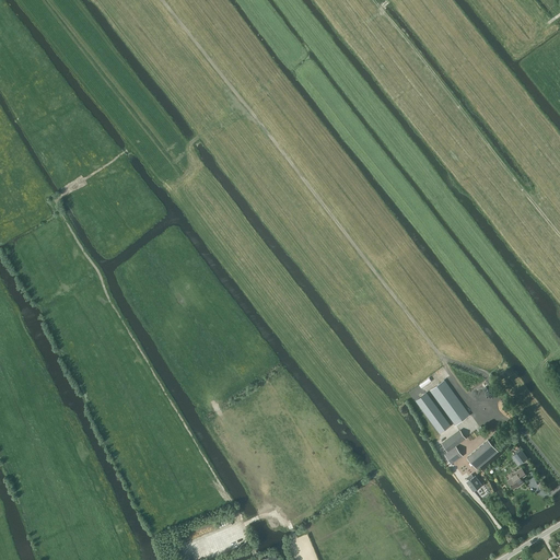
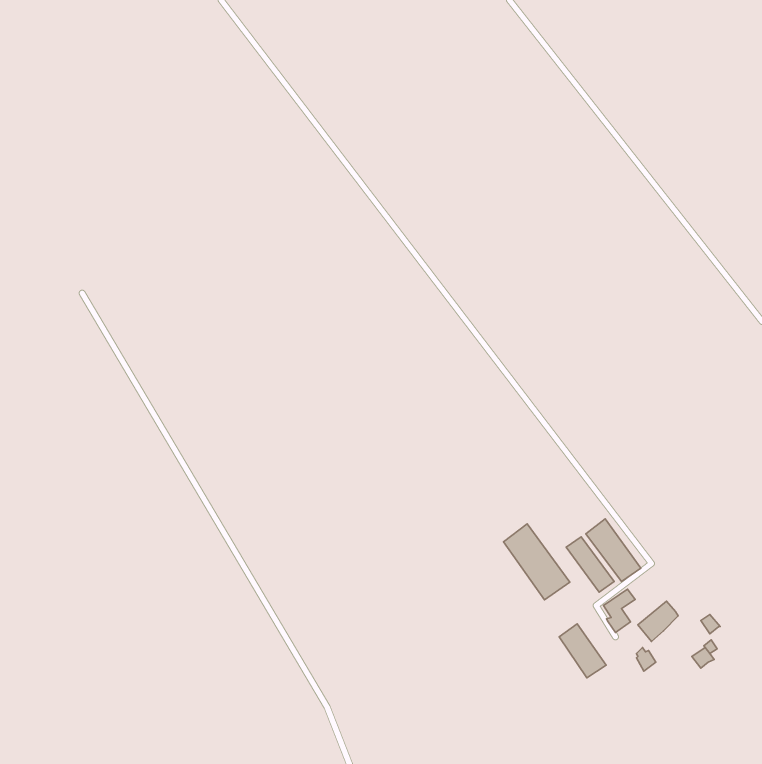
building: none -> [503,524,570,600]
building: none -> [559,624,606,678]

